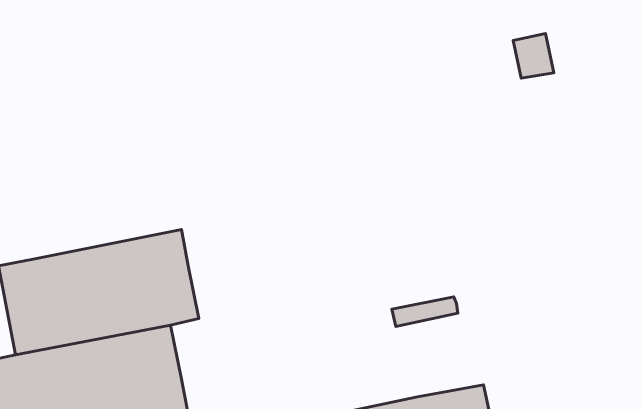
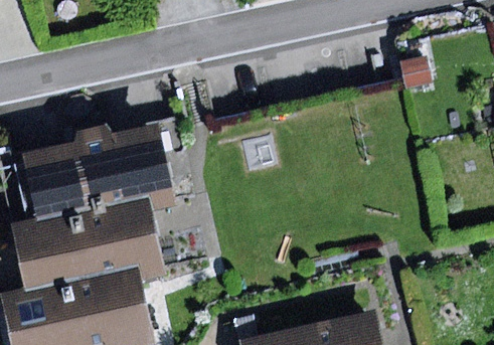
building: none -> [24,125,175,221]

